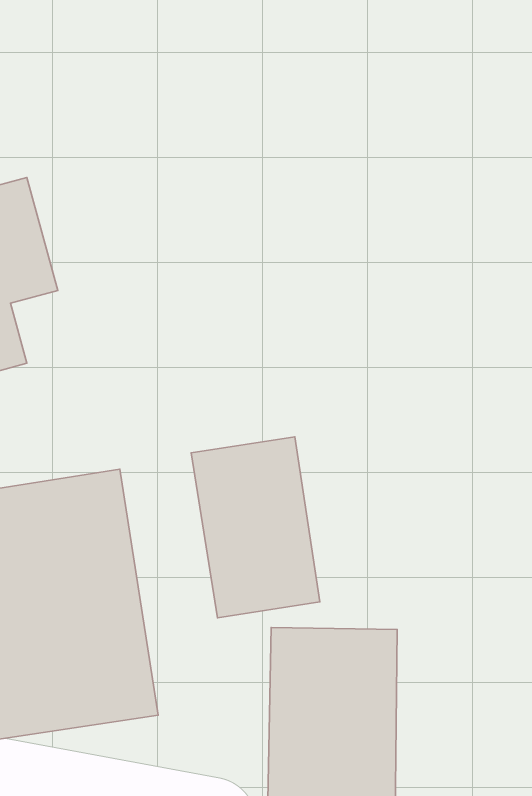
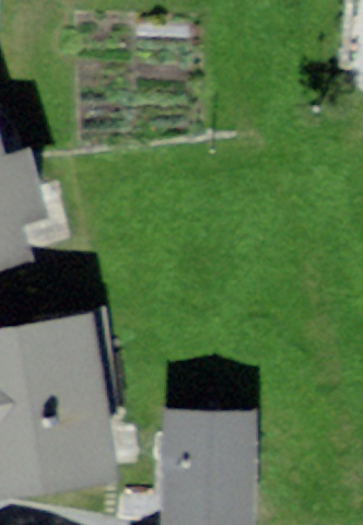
building: [191,437,320,618] -> none

